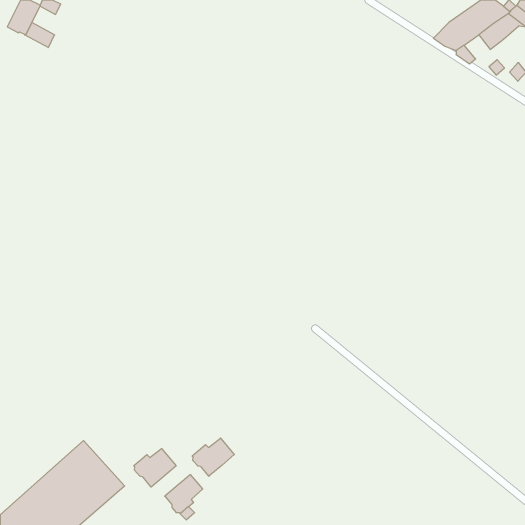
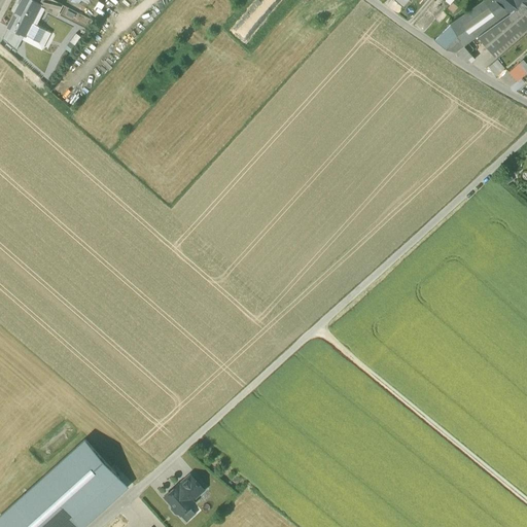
building: [192,438,234,476] -> none
building: [134,449,176,487] -> none

